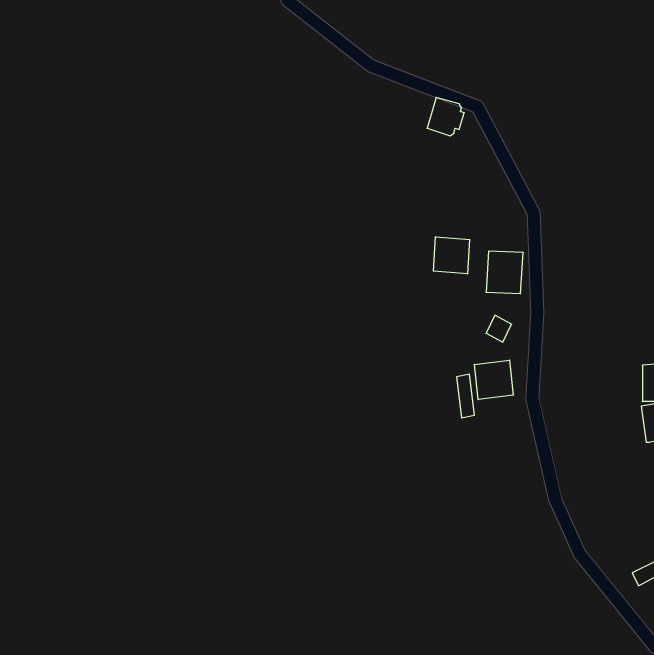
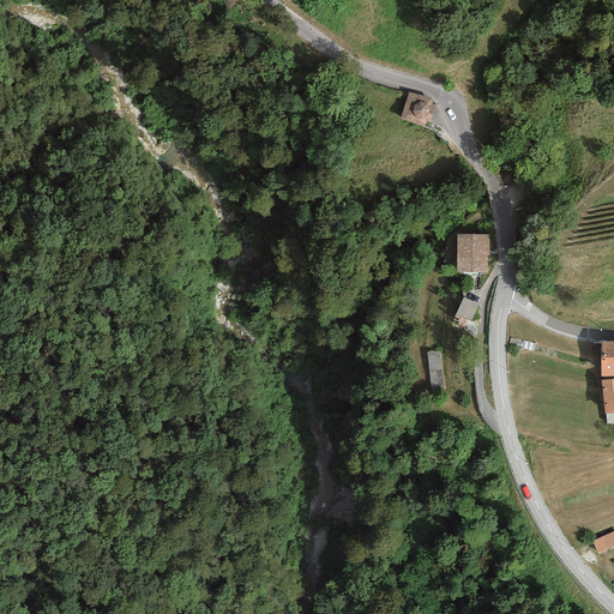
building: [433,237,470,274] -> none
building: [474,360,513,400] -> none

